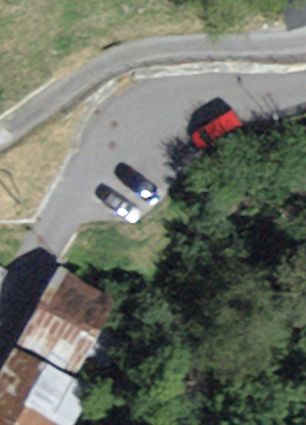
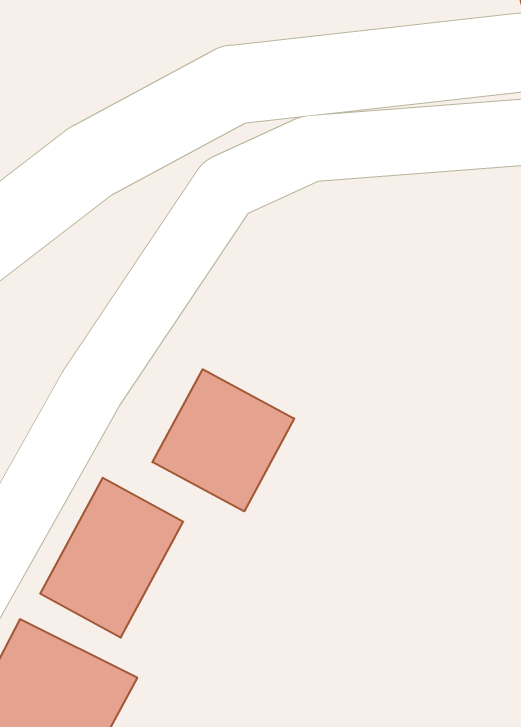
building: none -> [152,369,294,511]

